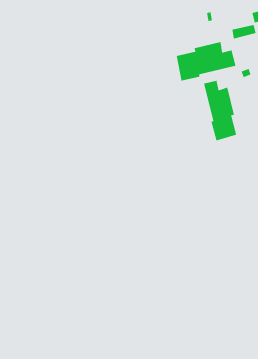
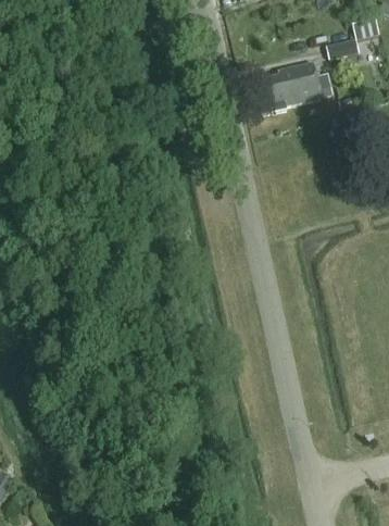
building: [203,80,237,142] -> none

